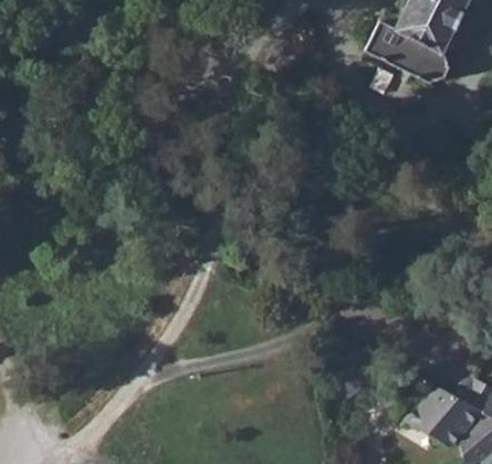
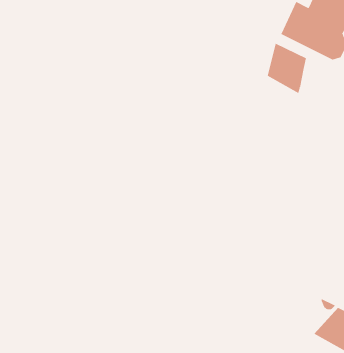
building: none -> [267,43,306,94]

